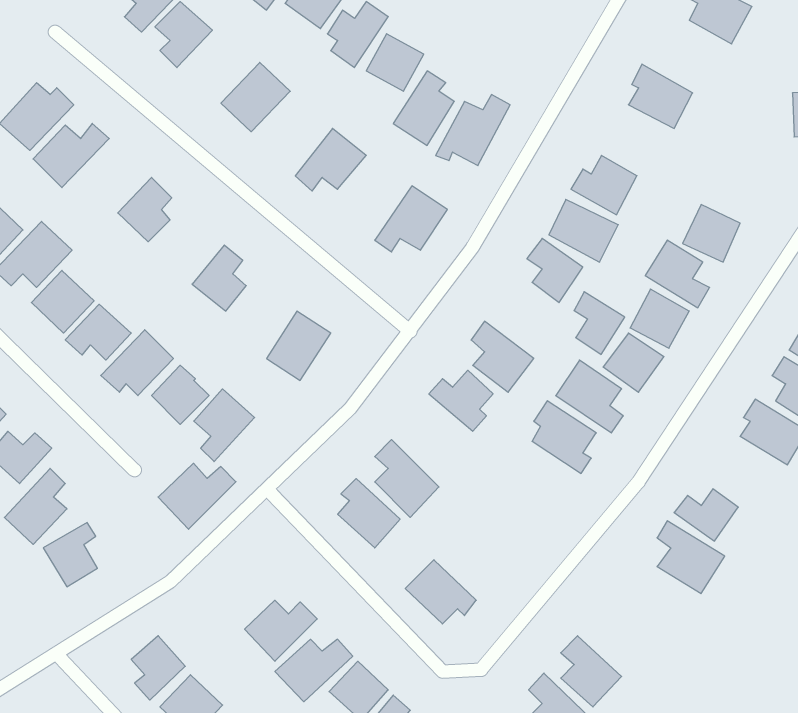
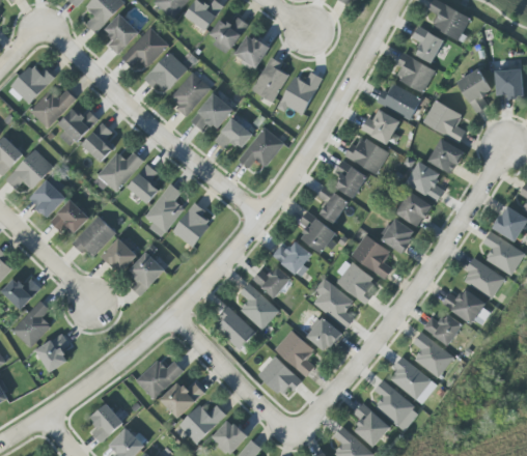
building: none -> [411,27,443,63]
building: none -> [120,28,167,68]
building: none -> [456,68,491,114]
building: none -> [169,73,209,115]
building: none -> [376,84,420,118]
building: none -> [422,99,465,142]
building: none -> [57,109,96,147]
building: none -> [214,117,254,150]
building: none -> [95,152,143,193]
building: none -> [144,183,184,237]
building: [574,292,625,354] -> [316,186,348,224]
building: none -> [251,266,290,298]
building: none -> [312,279,354,327]
building: none -> [441,288,486,324]
building: [158,463,236,529] -> [135,360,183,400]
building: none -> [304,315,341,352]
building: none -> [273,331,314,376]
building: none -> [389,357,436,404]
building: none -> [372,380,419,430]

